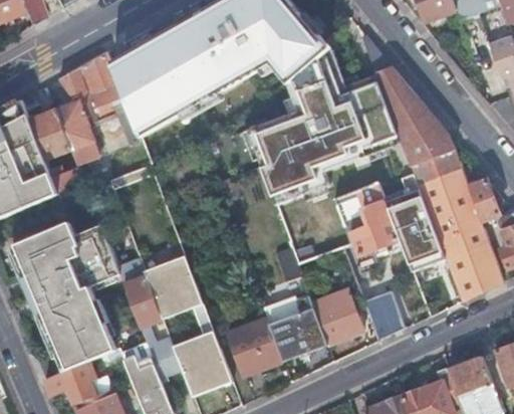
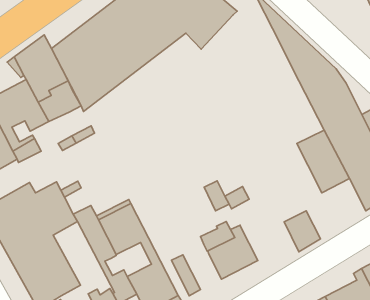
building: [250,51,400,206] -> none
building: [334,181,399,252] -> none
building: [311,287,362,344] -> none
building: [240,318,282,370] -> none

